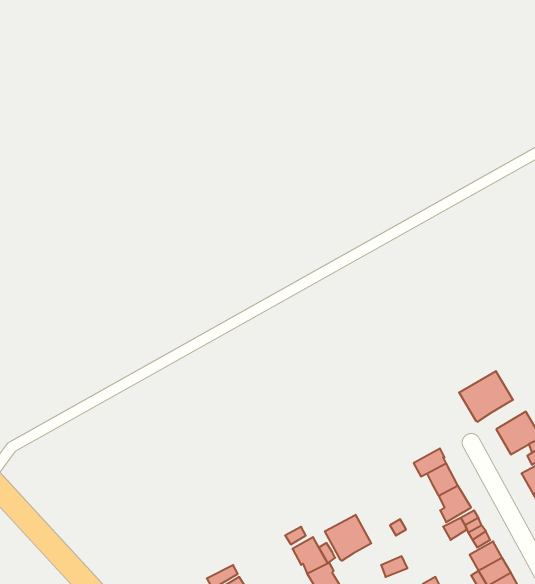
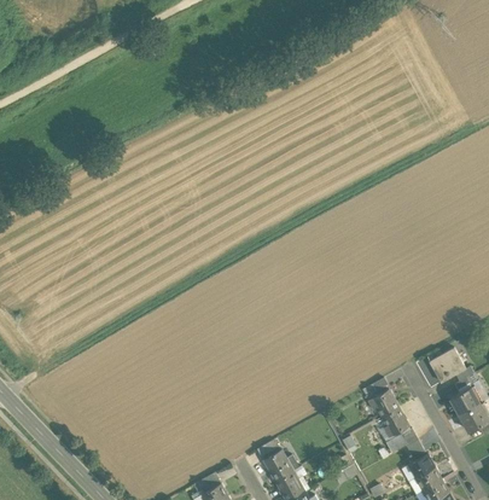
building: [459,371,513,422] -> none
building: [325,515,371,561] -> none

